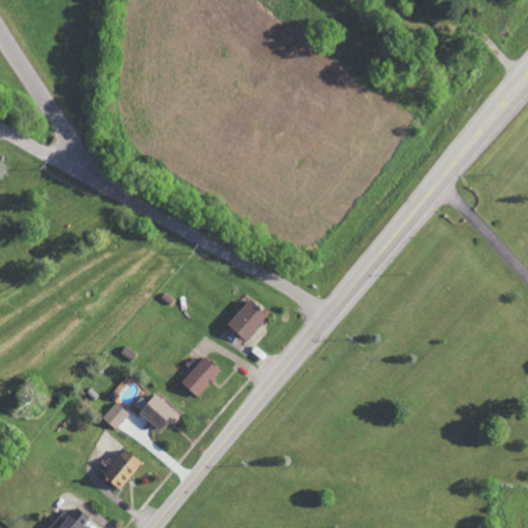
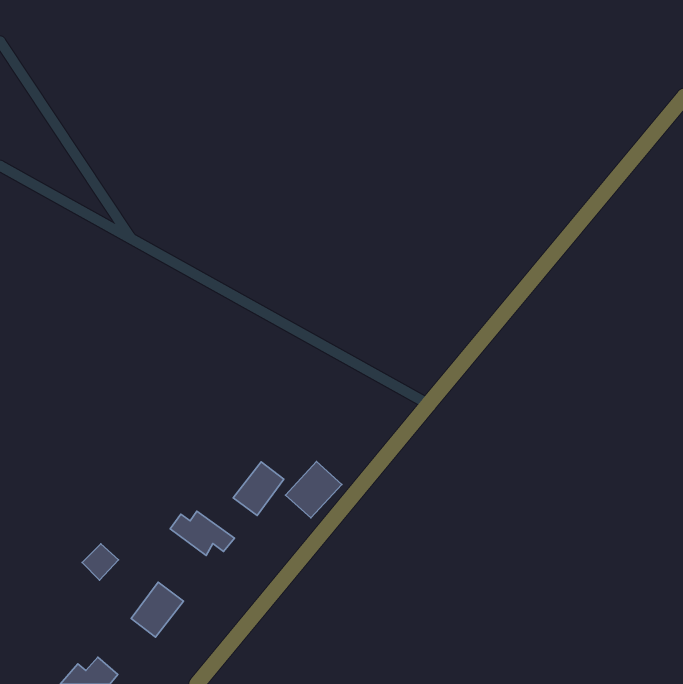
building: [226,299,269,342] -> [286,462,342,518]
building: [102,402,130,430] -> [82,544,118,580]

